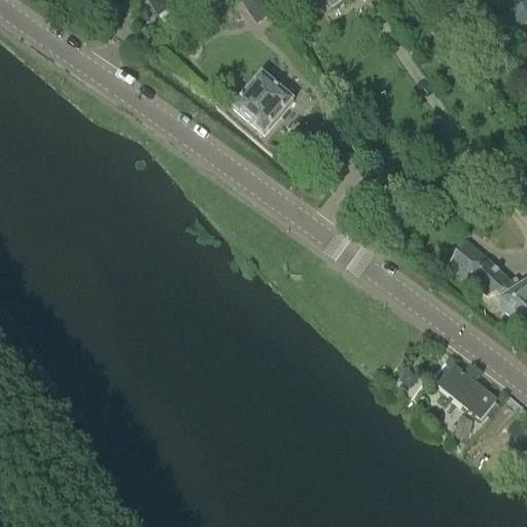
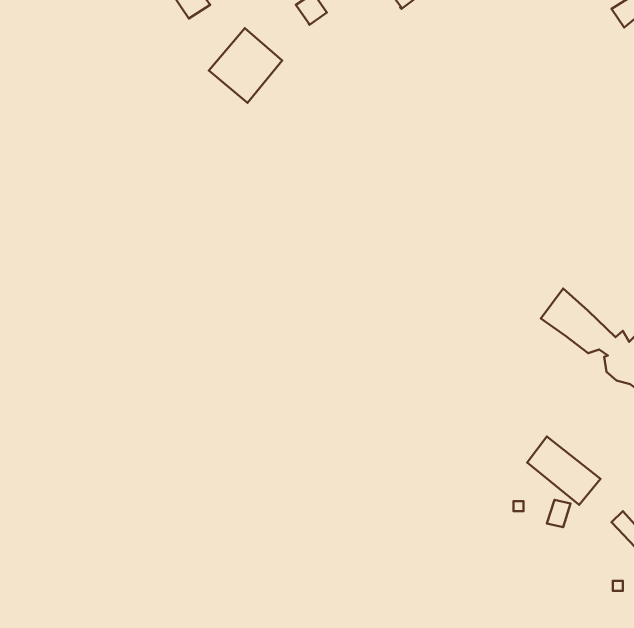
building: [233,70,293,132] -> [209,28,282,103]

